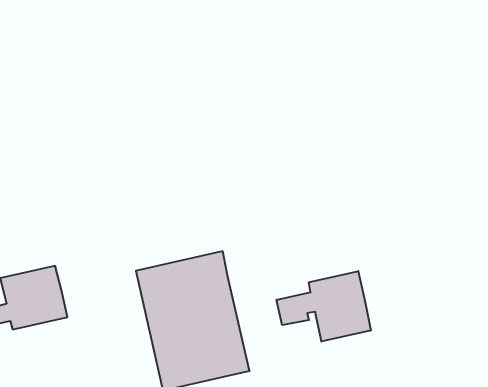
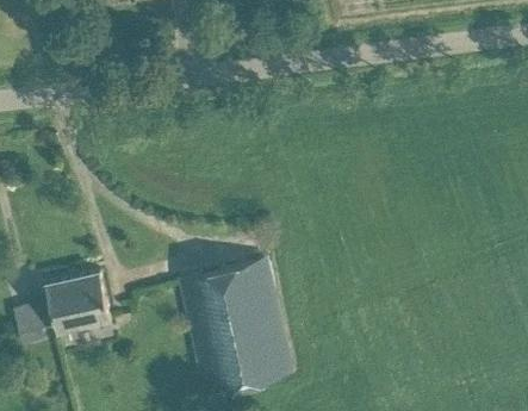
building: [277,271,371,342] -> none

